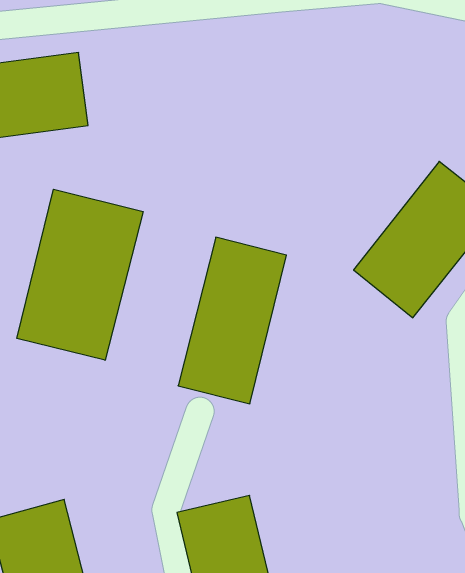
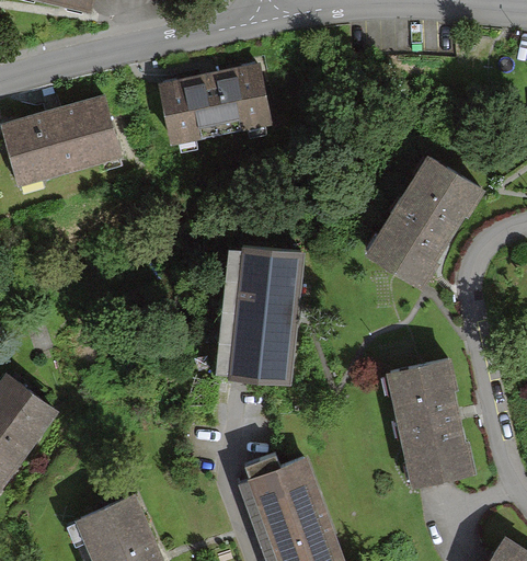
building: none -> [158,65,272,142]
building: [17,189,143,360] -> none
building: none -> [387,359,473,484]

